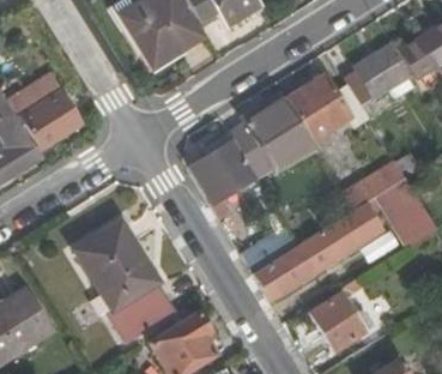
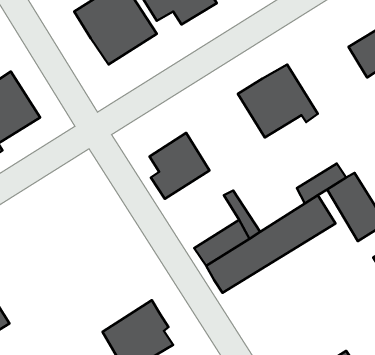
building: [355,43,416,101] -> none
building: [232,97,316,182] -> none
building: [72,219,176,340] -> none
building: [308,279,368,351] -> none

